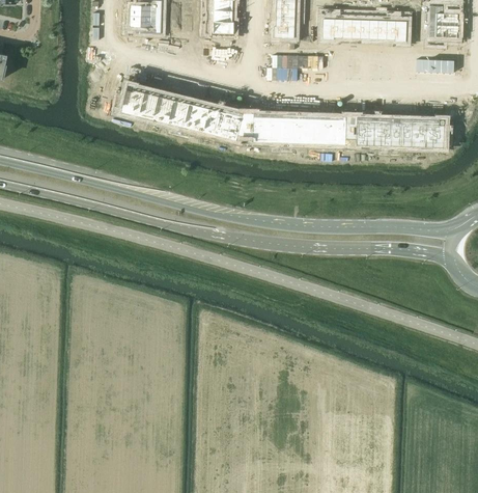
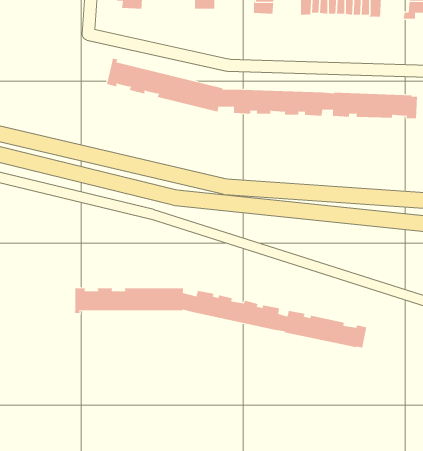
building: none -> [74,288,367,349]

